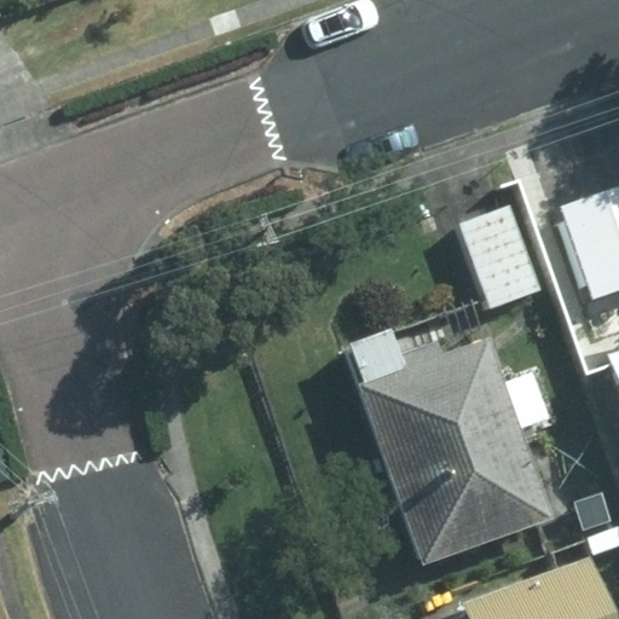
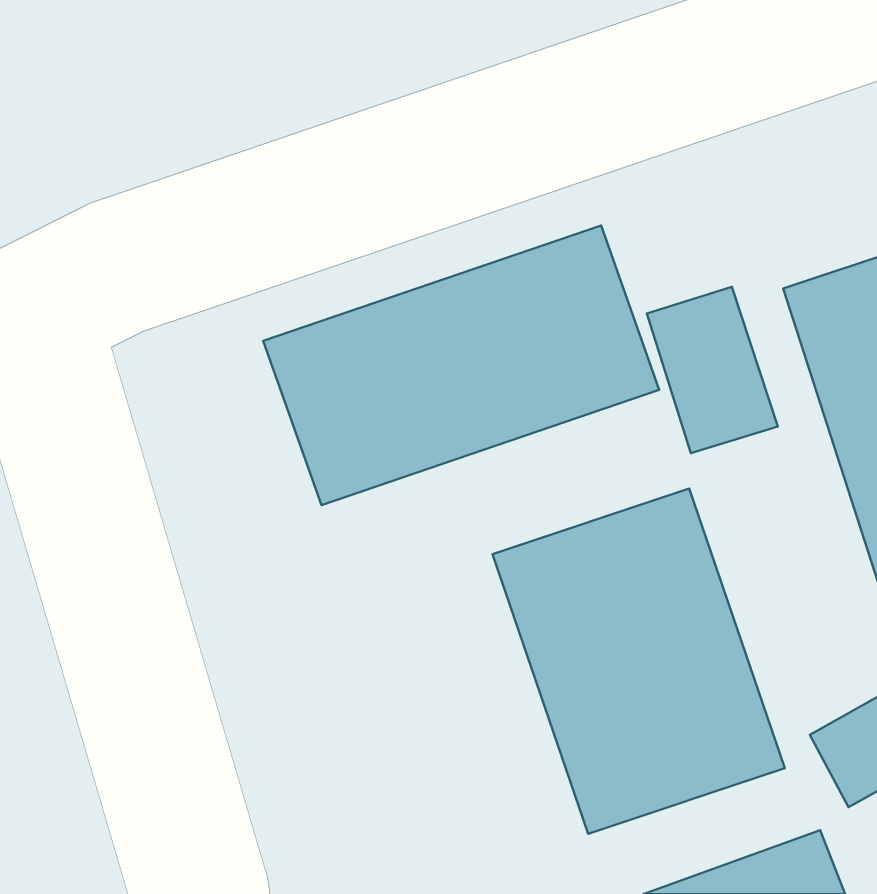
building: none -> [263,226,659,505]

